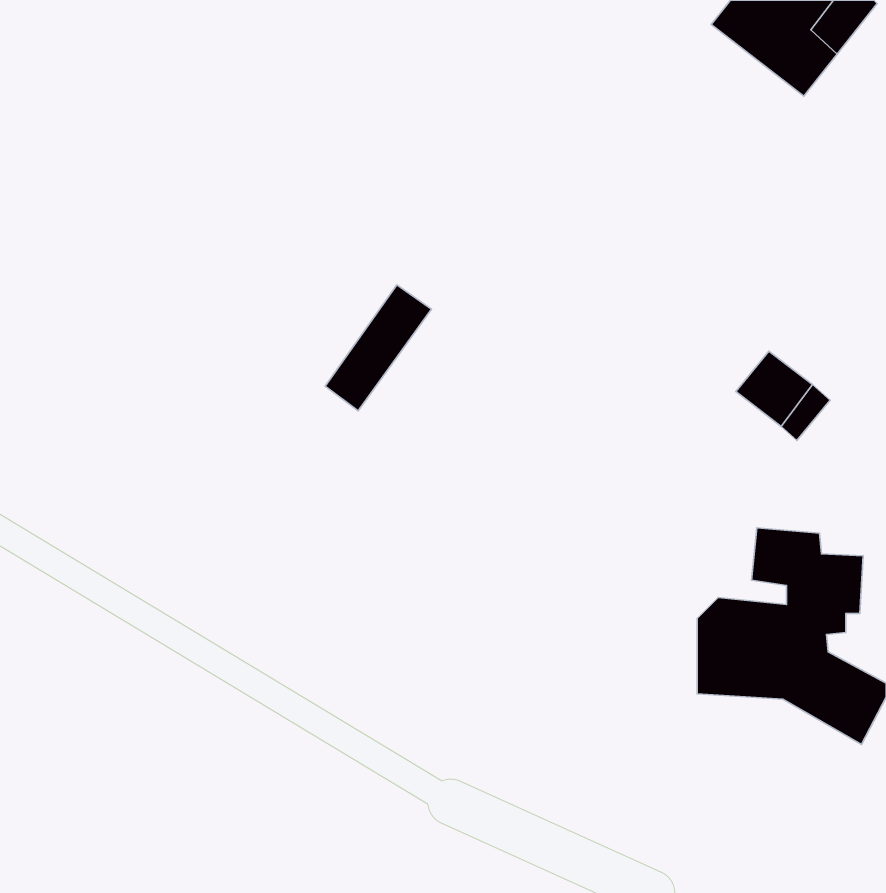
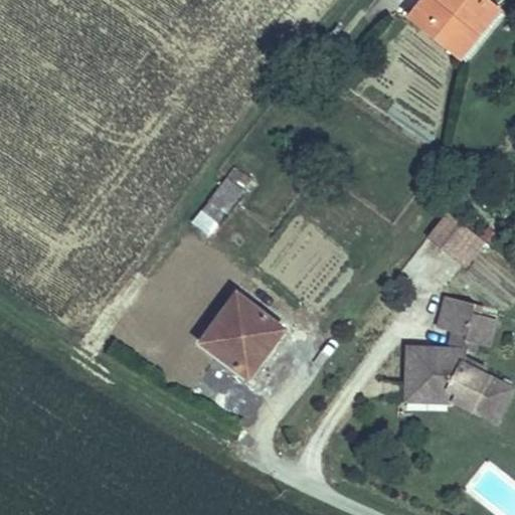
building: none -> [207,285,287,366]

